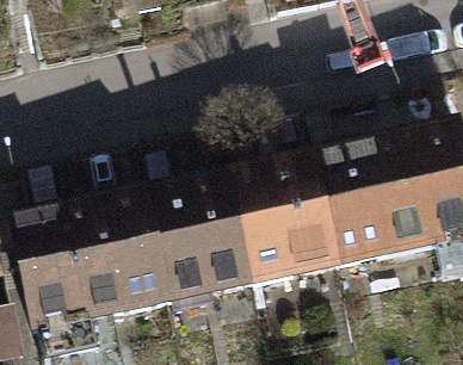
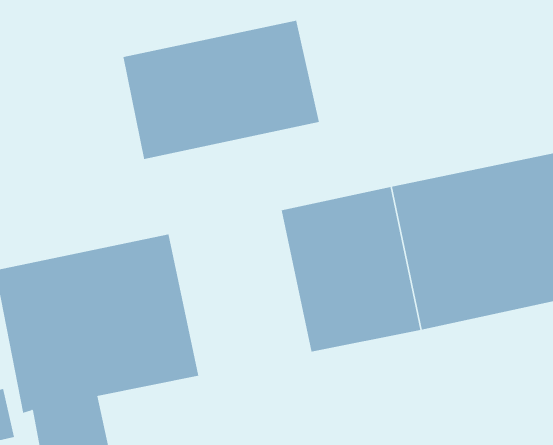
building: none -> [123,20,319,160]
building: [144,180,252,305] -> none

